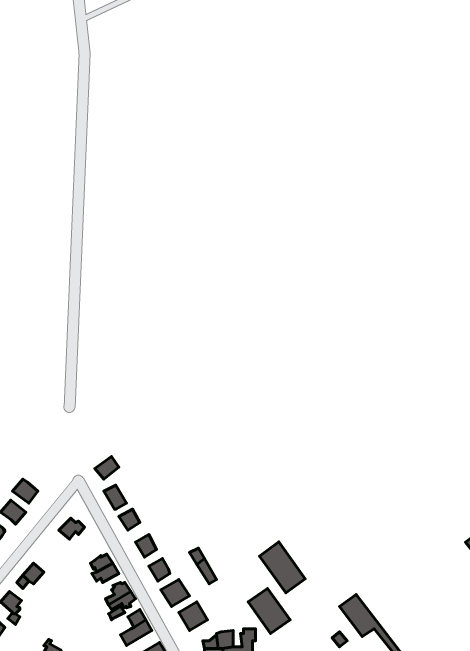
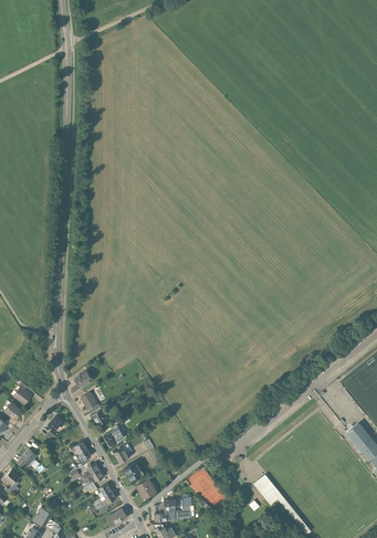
building: [259,542,305,593] -> none

